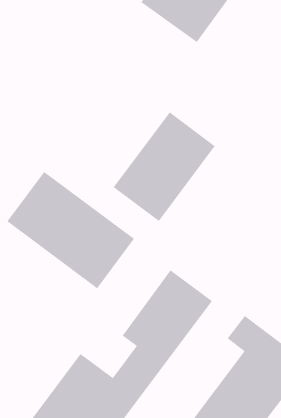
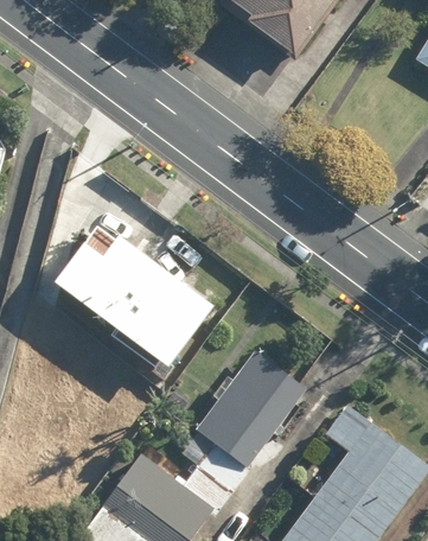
building: [113,111,216,222] -> none

